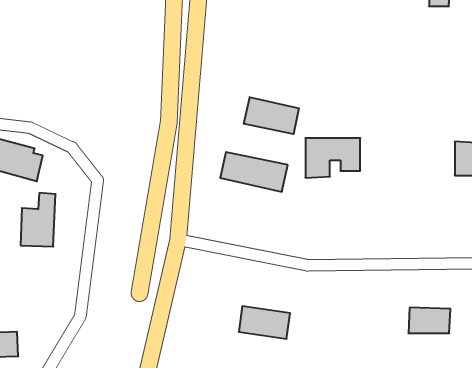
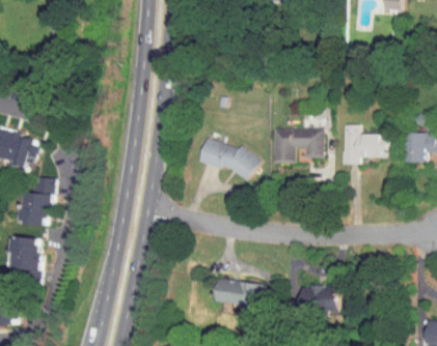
building: [244,97,299,134] -> none
building: none -> [342,124,389,164]
building: none -> [10,236,39,269]
building: [408,308,450,333] -> [300,286,337,309]

